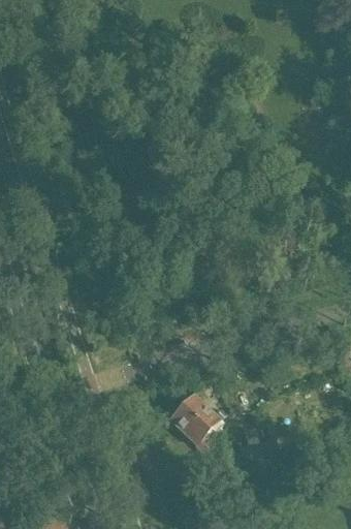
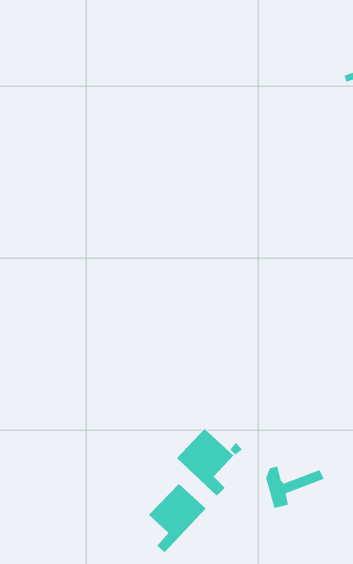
building: none -> [148,483,206,553]

